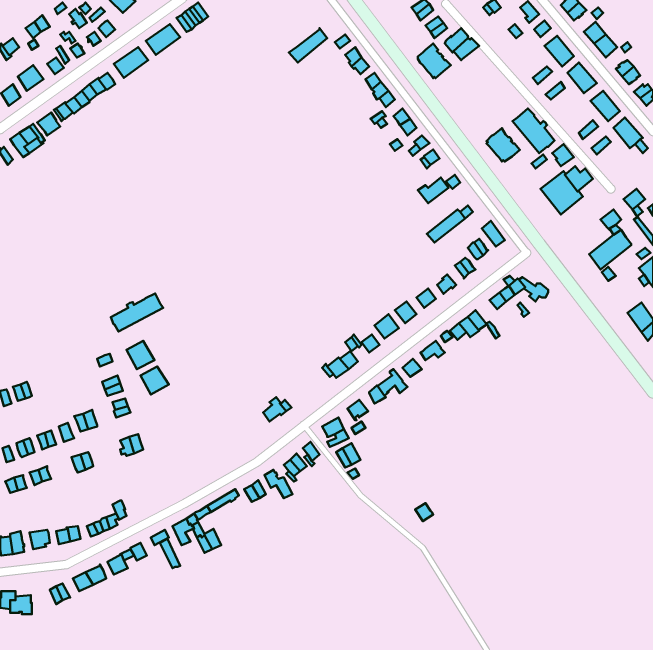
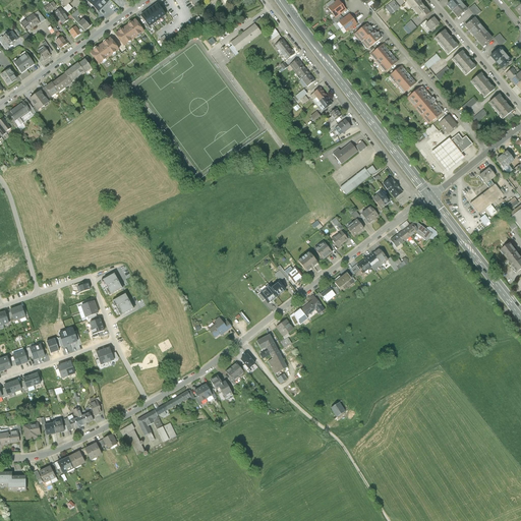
building: [418,44,451,78] -> [371,43,398,70]
building: [486,128,520,161] -> [390,65,416,92]
building: [111,294,163,332] -> none

